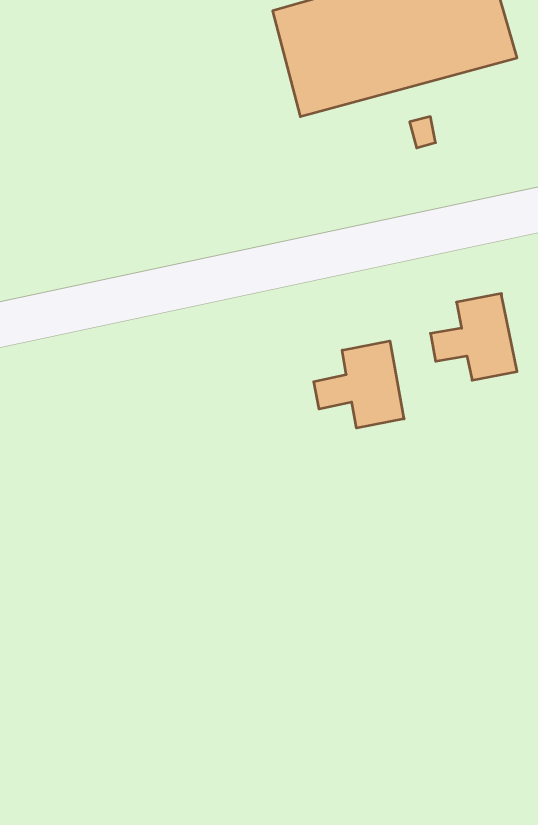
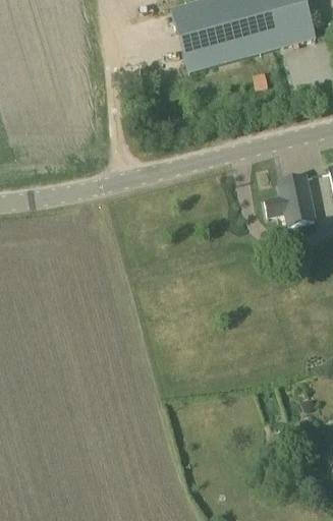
building: [314,341,404,428] -> none

